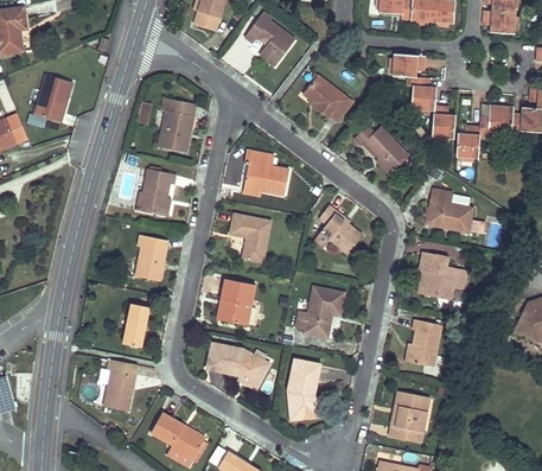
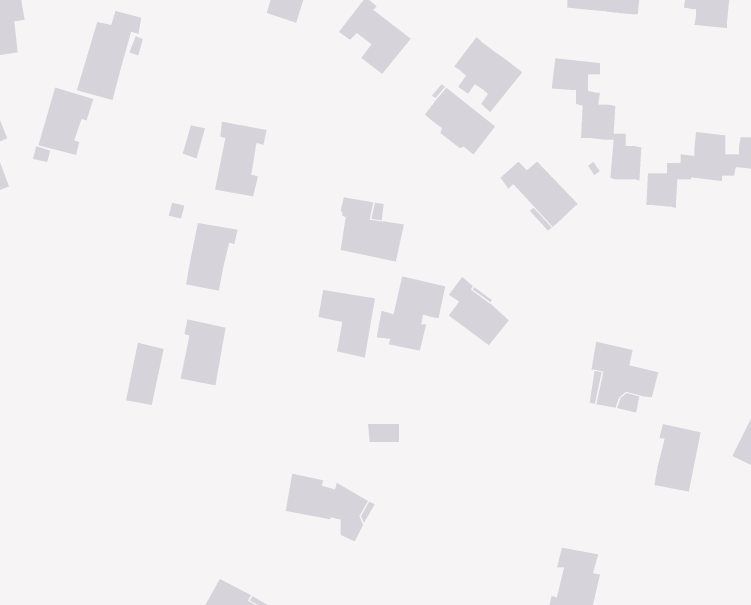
building: none -> [76,10,142,101]
building: none -> [453,36,523,113]
building: [425,189,482,234] -> none
building: [219,278,255,325] -> none
building: [295,286,344,338] -> [376,276,446,351]
building: [121,303,148,346] -> [125,342,165,406]
building: [408,319,441,367] -> [653,423,702,492]
building: [96,358,136,409] -> none
building: [287,358,320,419] -> none

